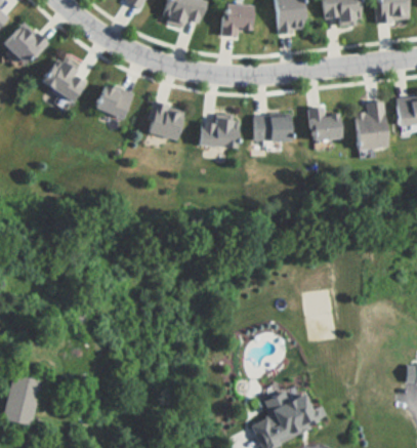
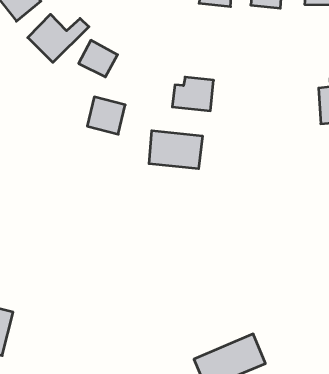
building: [149,103,187,140] -> [87,97,125,134]
building: [307,109,343,141] -> none
building: [254,116,293,141] -> none
building: none -> [149,131,202,169]

